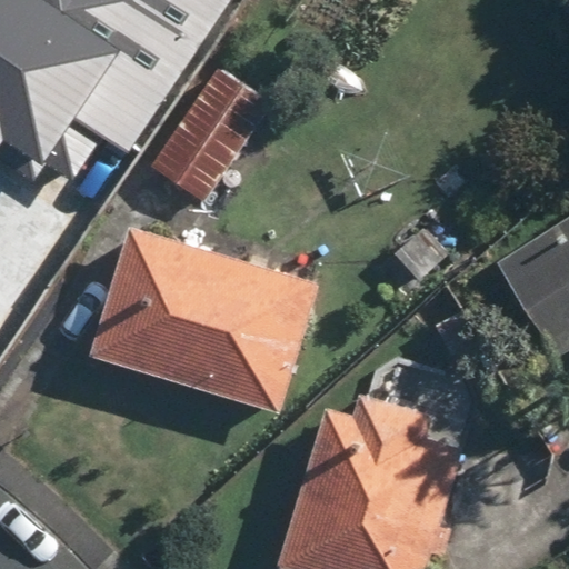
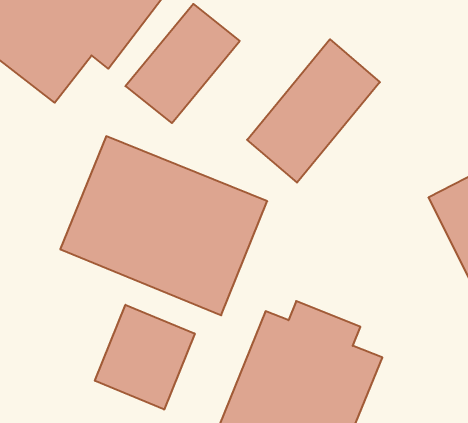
building: none -> [247,39,380,183]
building: none -> [95,305,195,410]

